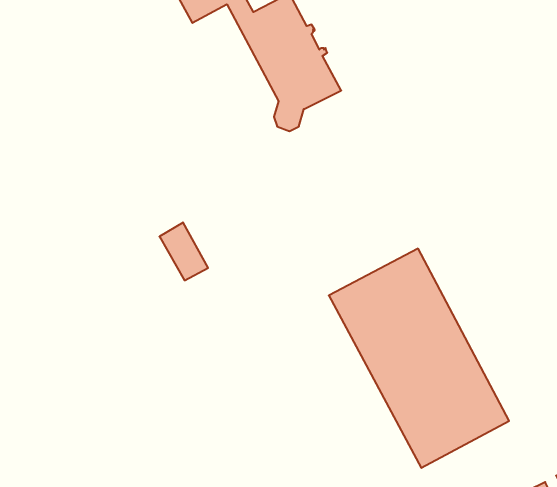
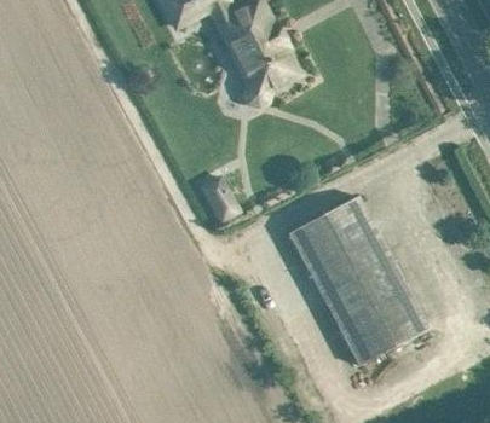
building: [159,222,208,280] -> [200,176,237,221]

